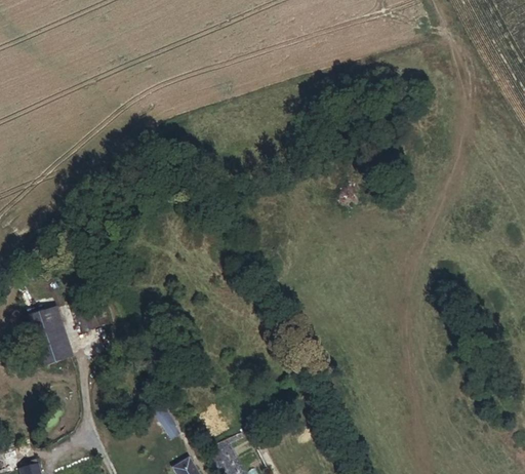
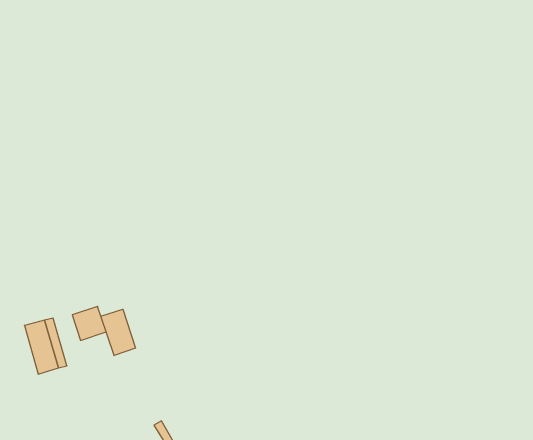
building: none -> [101,309,136,356]

